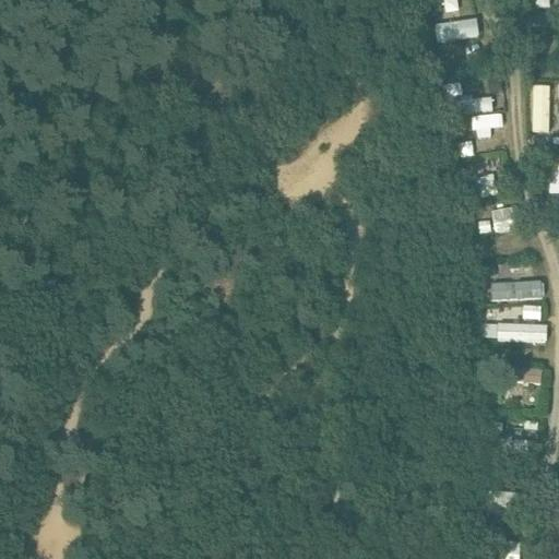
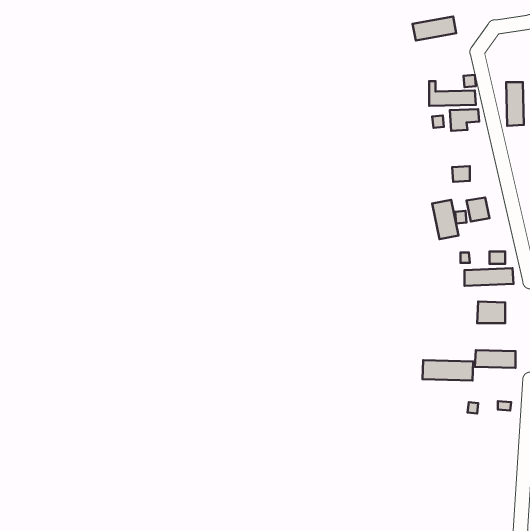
building: none -> [432,200,458,239]
building: none -> [423,360,473,381]

